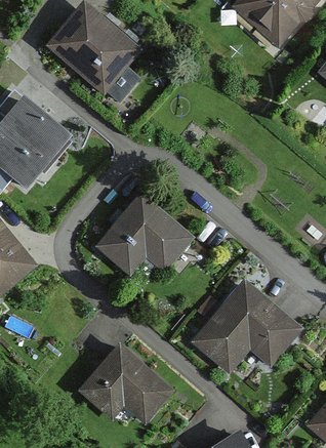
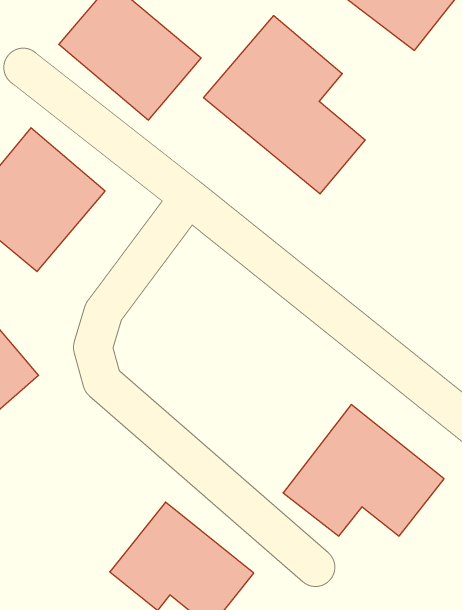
building: none -> [204,16,365,194]
building: [99,198,191,274] -> none

